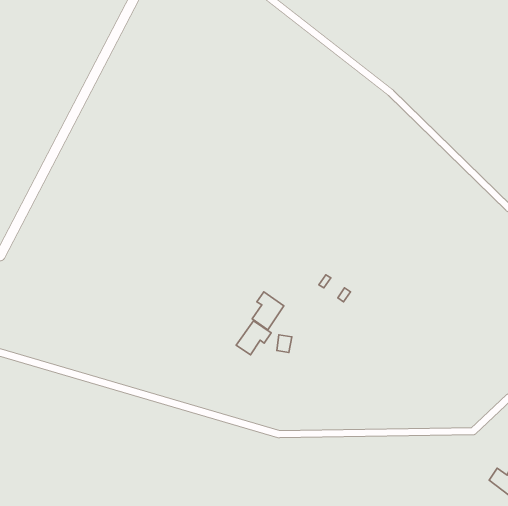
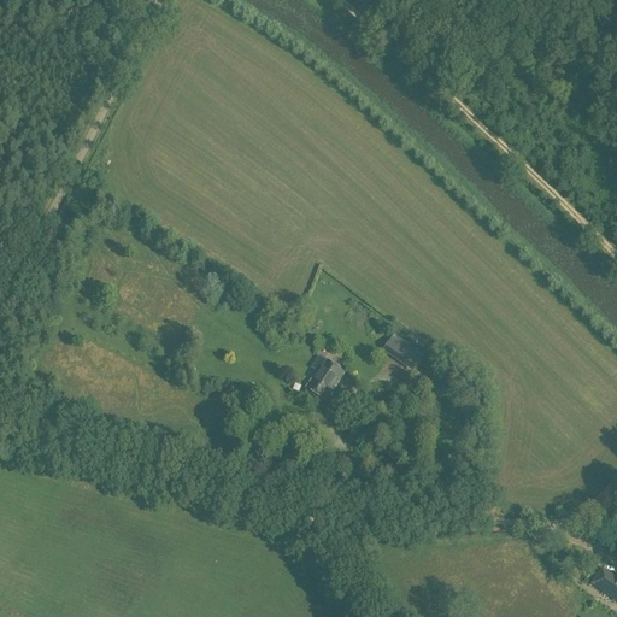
building: [236,321,271,355] -> none

